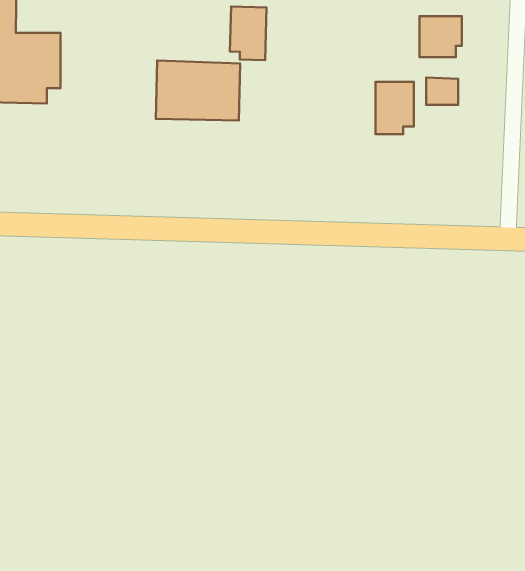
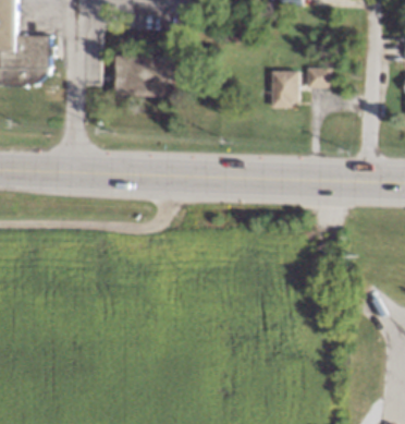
building: [230,7,267,60] -> none
building: [420,16,462,57] -> none

